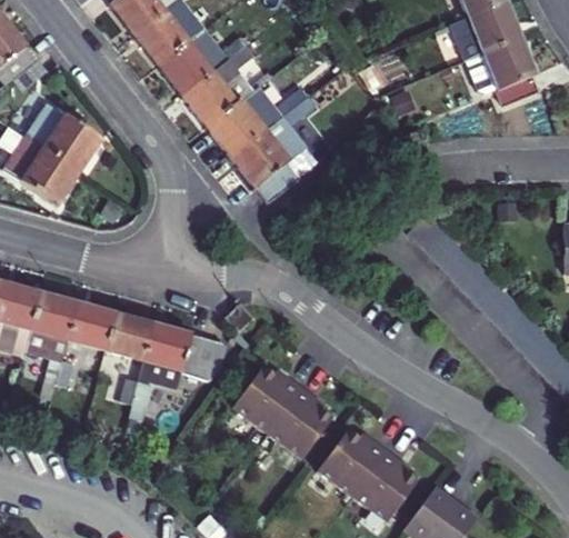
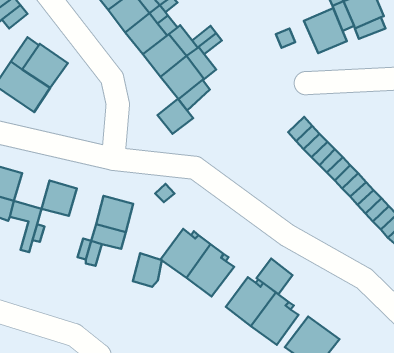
building: none -> [304,8,347,53]
building: none -> [157,99,193,134]
building: [28,289,77,338] -> none
building: [103,310,151,359] -> none
building: [182,331,222,378] -> [133,253,162,287]
building: none -> [257,259,293,294]

